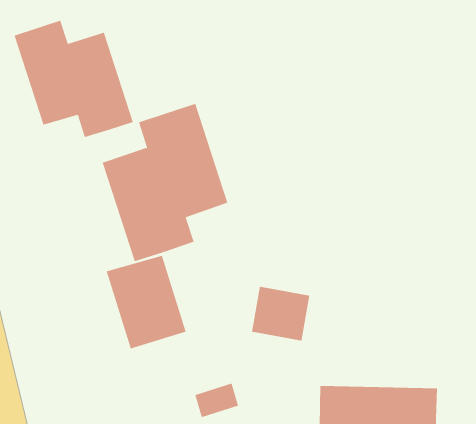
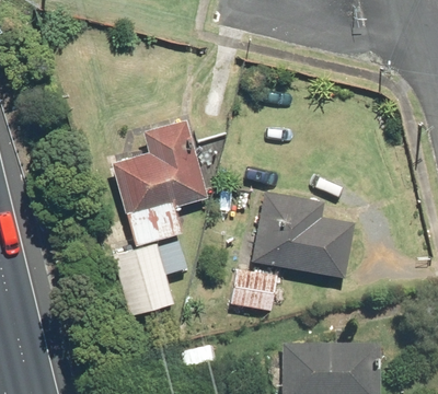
building: [14,20,134,138] -> none
building: none -> [251,190,351,274]

